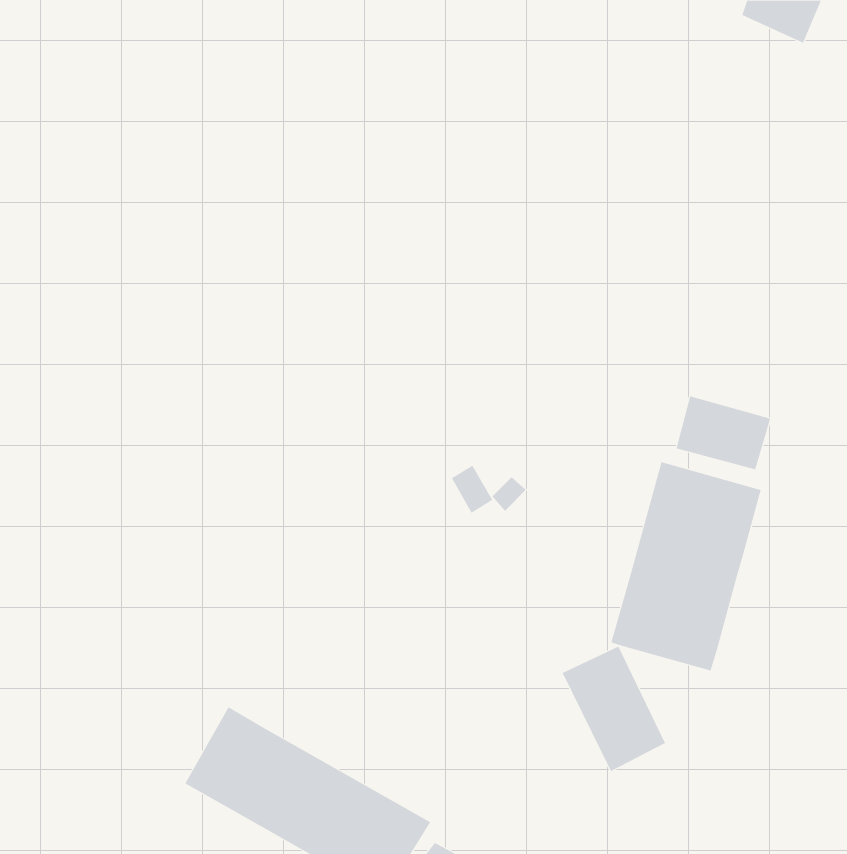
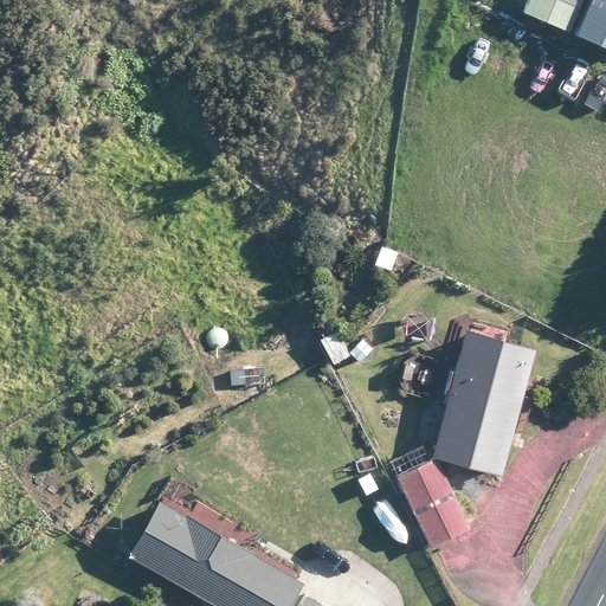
building: [676,396,771,470] -> none

